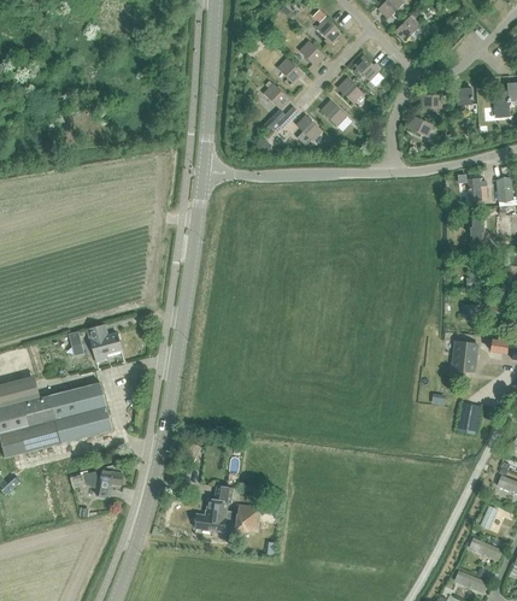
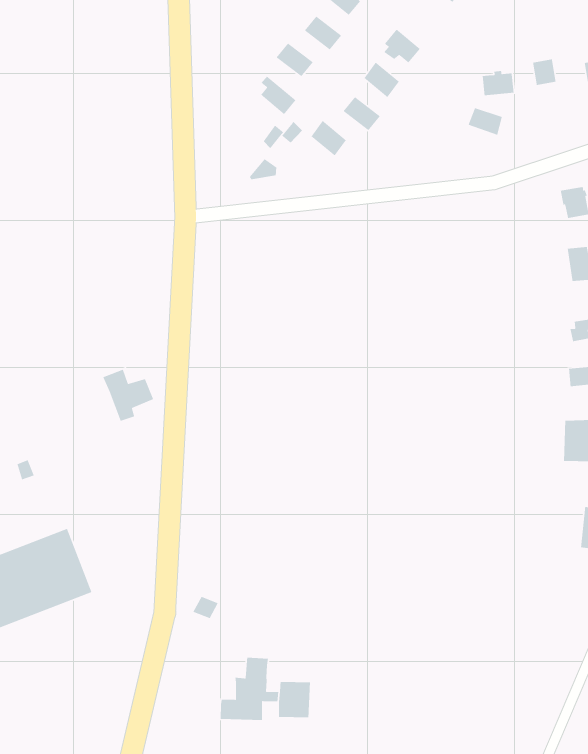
building: [87,325,122,363] -> [102,368,154,422]
building: [70,470,123,496] -> none

